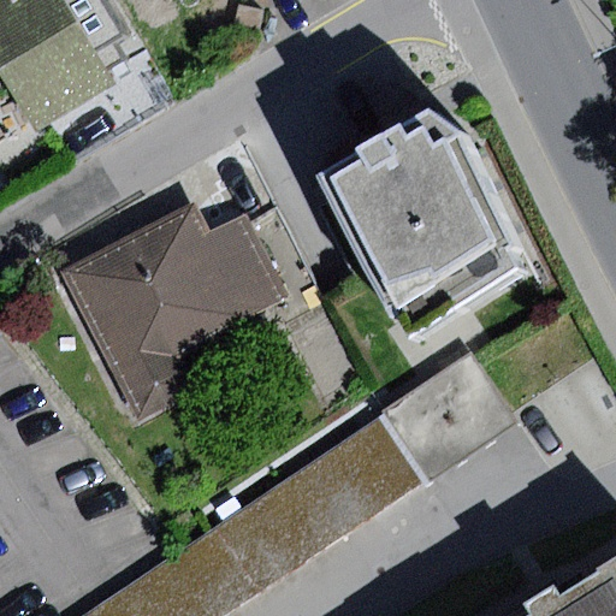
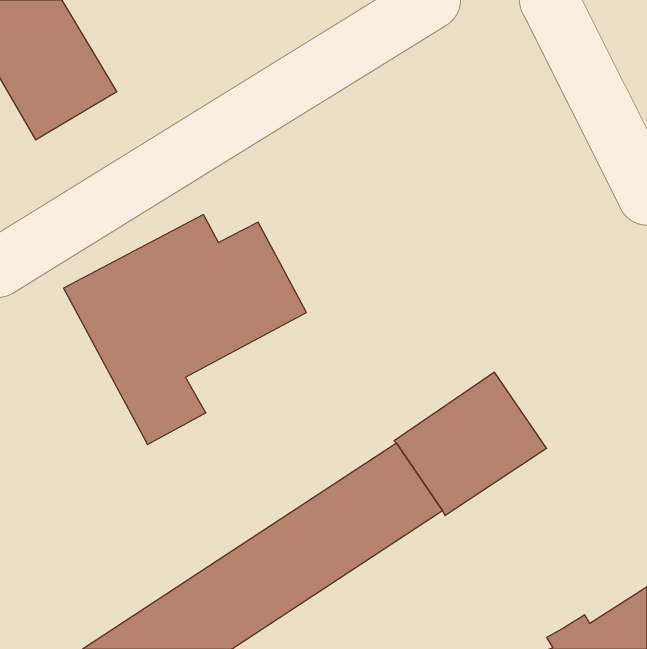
building: [314,112,515,339] -> none

